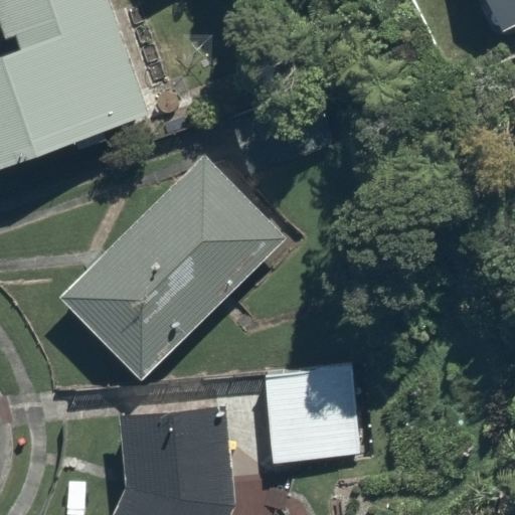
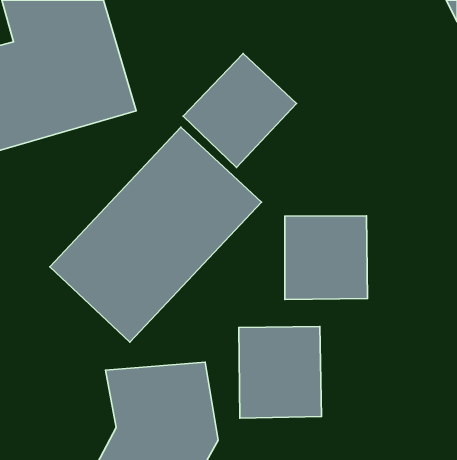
building: none -> [183,54,297,168]
building: none -> [285,216,367,299]

